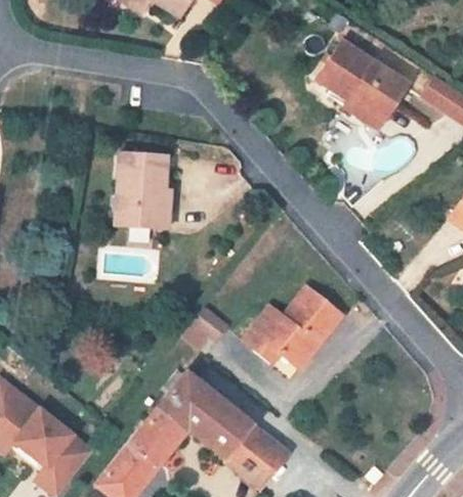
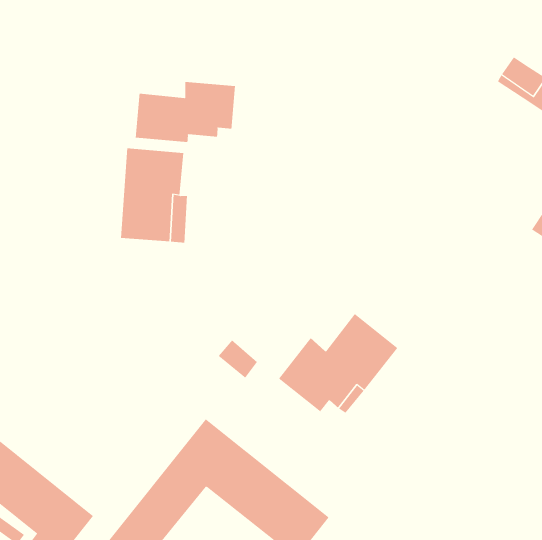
building: [317,41,407,127] -> none
building: none -> [135,81,236,143]

